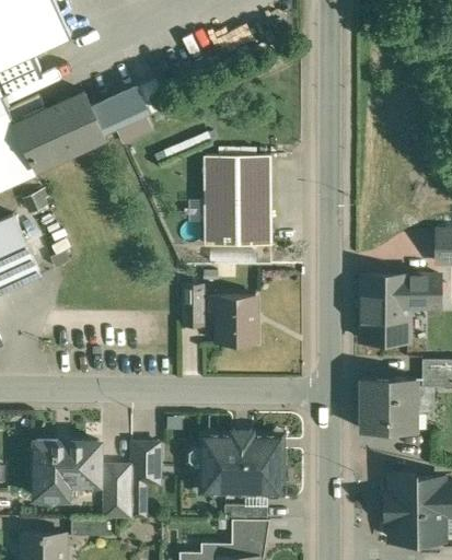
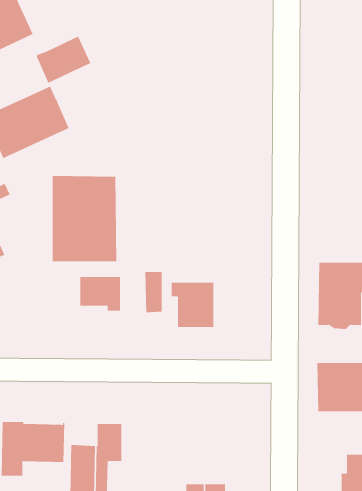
building: [93,89,150,138] -> [36,36,91,83]
building: [205,156,273,246] -> [52,175,117,262]
building: none -> [80,276,120,312]
building: [189,432,280,494] -> none

